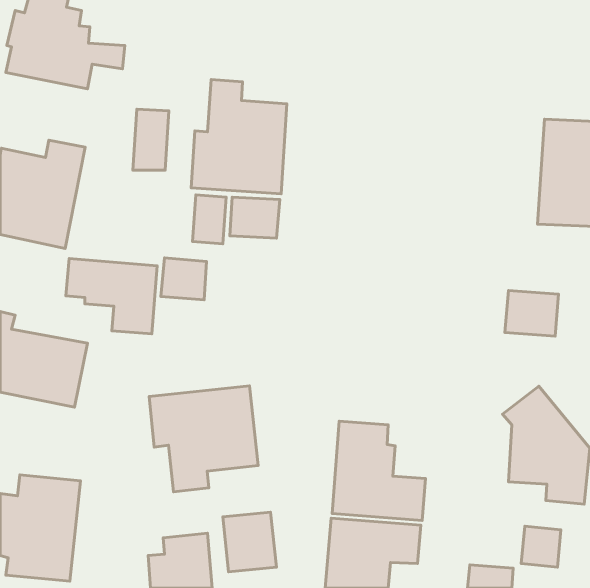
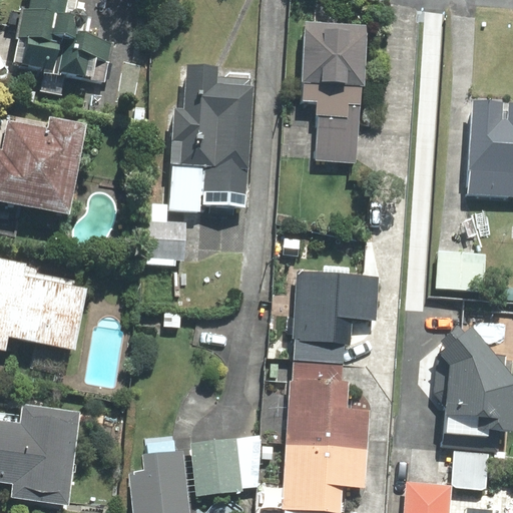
building: none -> [301,26,363,156]
building: [133,109,169,170] -> none
building: [66,259,157,334] -> none
building: none -> [295,274,376,360]
building: [149,386,258,492] -> none

